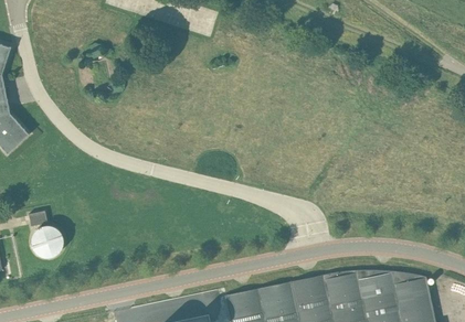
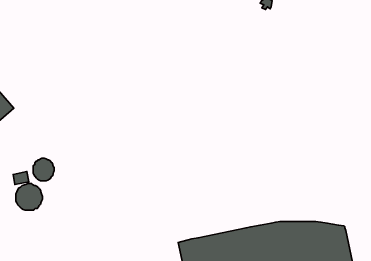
building: none -> [33,158,54,181]

